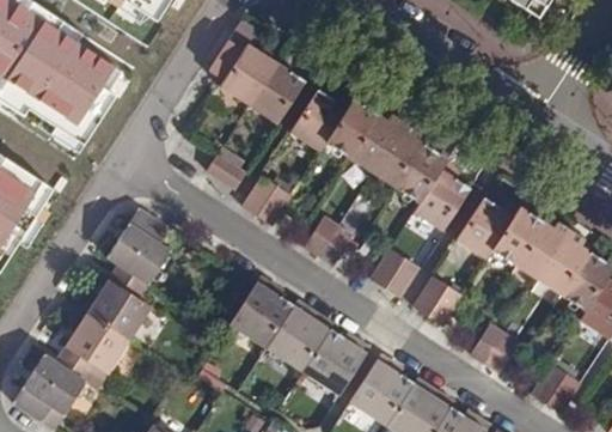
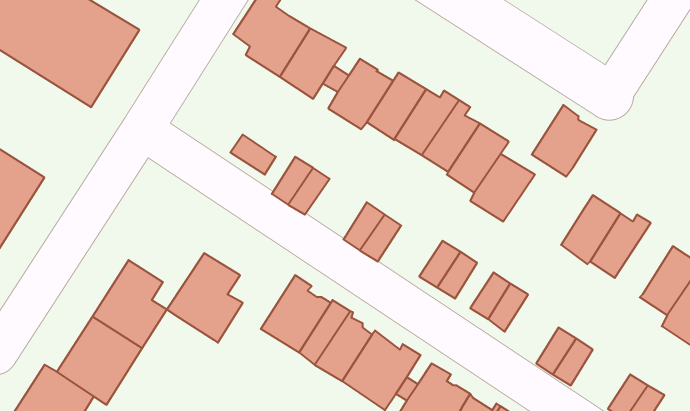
building: [455,196,512,258] -> [532,105,597,177]
building: [105,207,171,285] -> [167,253,243,343]
building: [538,231,588,293] -> none

